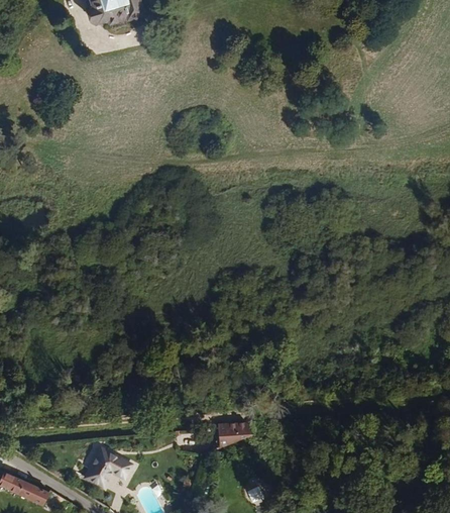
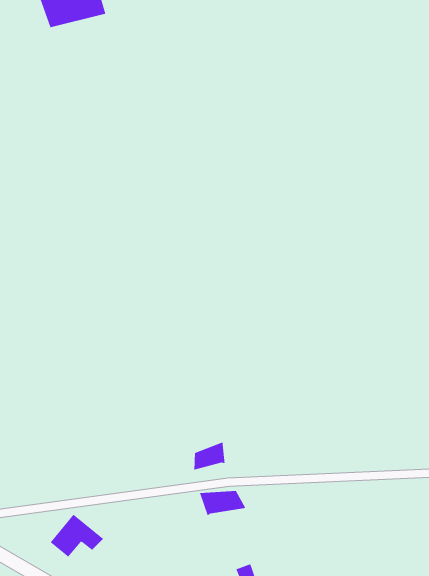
building: none -> [194,441,225,470]

